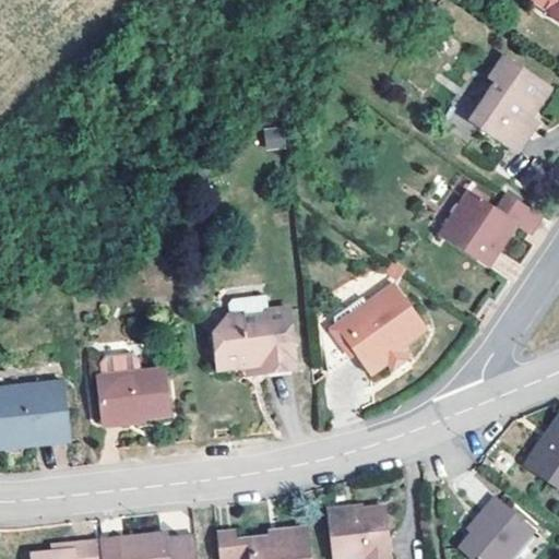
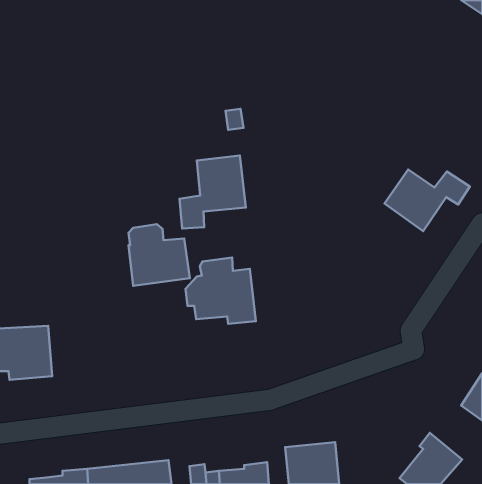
building: [471,60,548,153] -> none
building: none -> [179,156,246,229]
building: [312,288,425,378] -> none
building: [97,355,168,426] -> [128,224,190,286]

